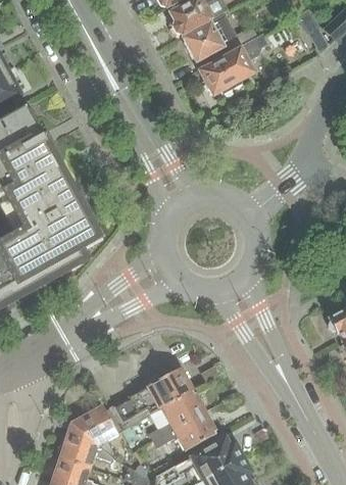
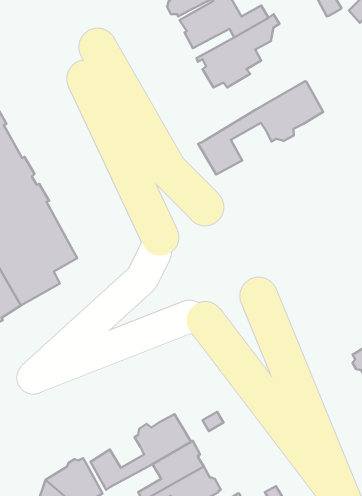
building: none -> [198,81,323,174]

